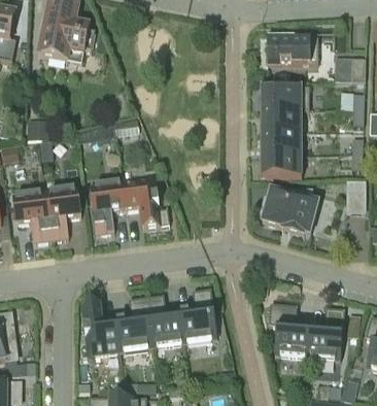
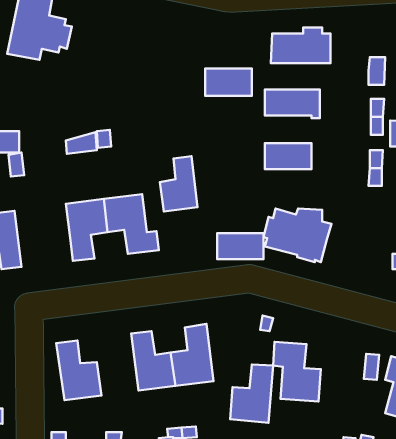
building: [262,108,302,132] -> [205,68,252,96]
building: none -> [160,156,198,211]
building: [262,155,302,177] -> [217,233,264,259]
building: [347,180,365,210] -> none
building: [45,187,81,239] -> none
building: [116,297,152,350] -> none
building: [308,308,345,359] -> [230,364,273,423]

